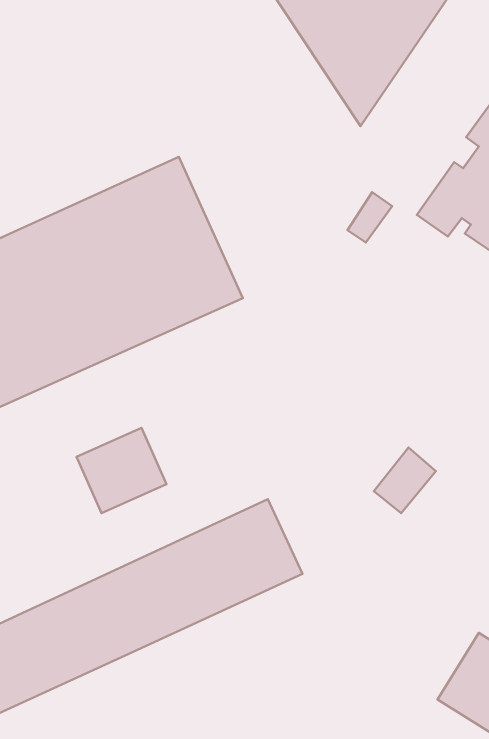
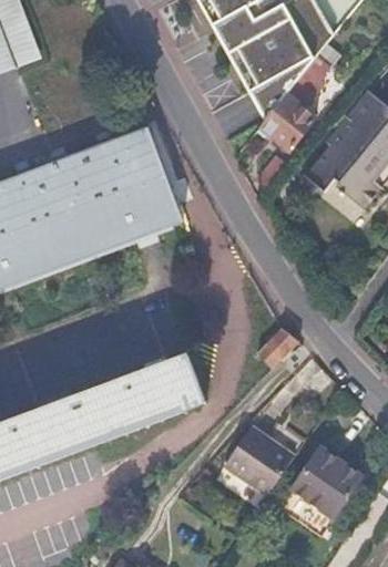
building: none -> [259,55,327,148]
building: [76,428,166,513] -> none
building: none -> [226,429,294,495]

